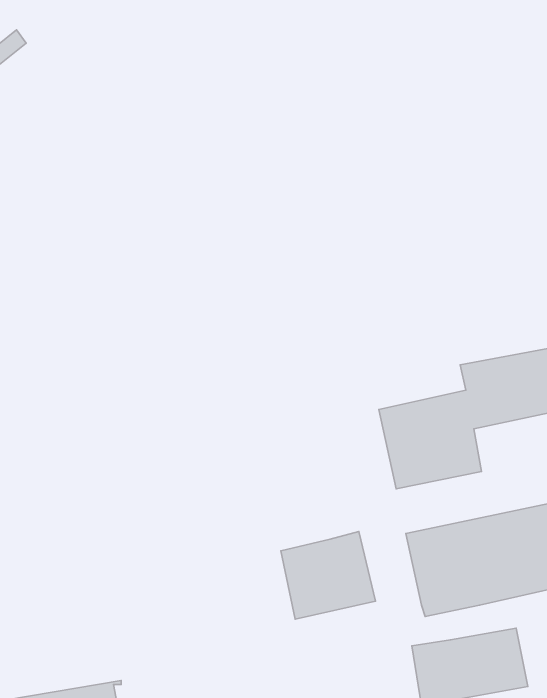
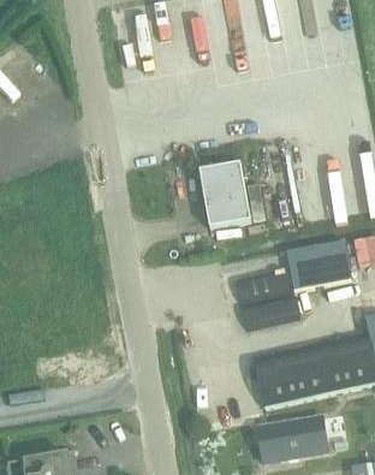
building: none -> [200,164,251,228]
building: [281,531,375,619] -> none

